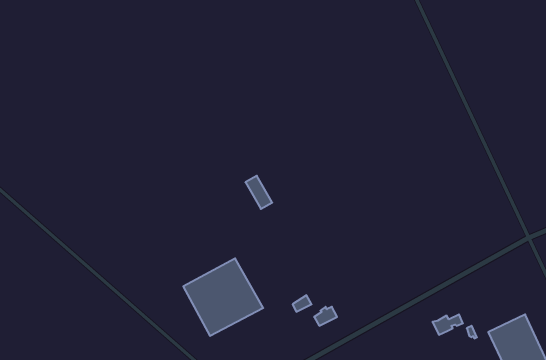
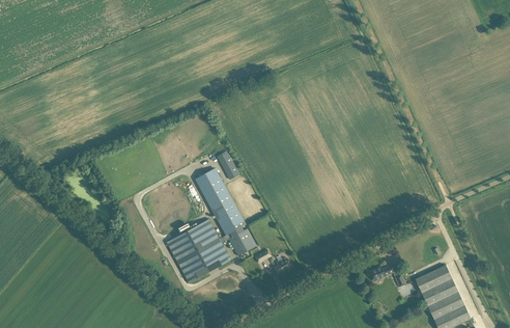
building: none -> [195,168,245,235]
building: none -> [228,228,256,255]

